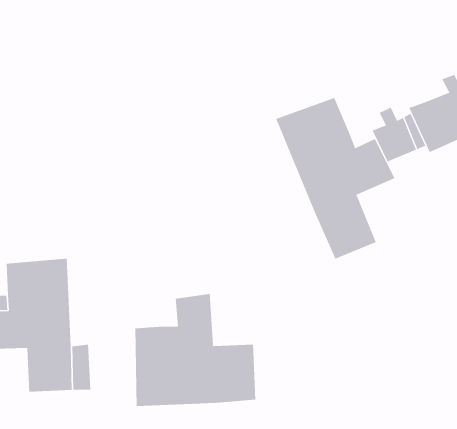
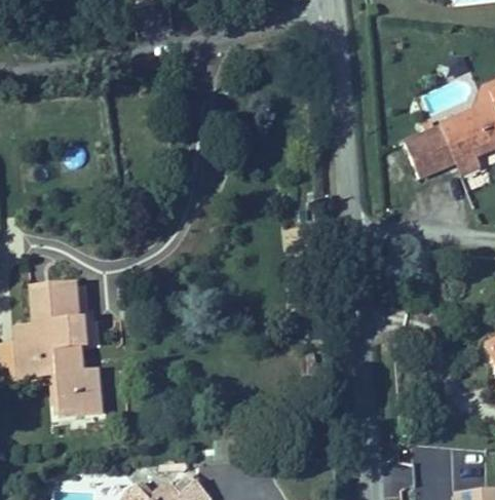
building: [276,97,395,260] -> none
building: [135,293,256,407] -> none

